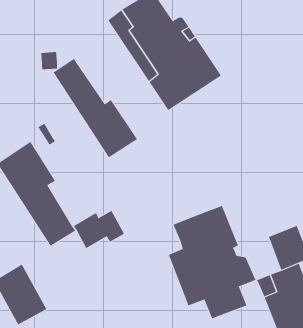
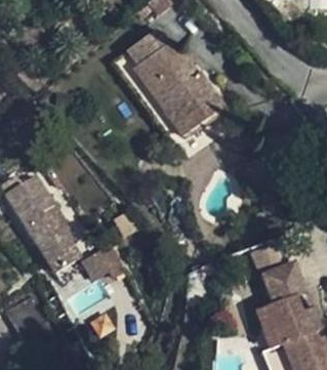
building: [53,58,138,158] -> none
building: [168,205,256,319] -> none

